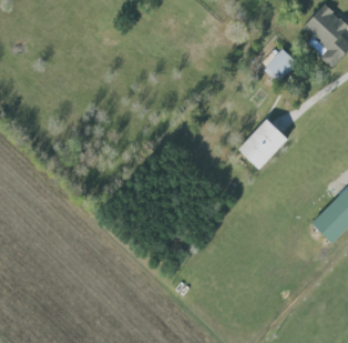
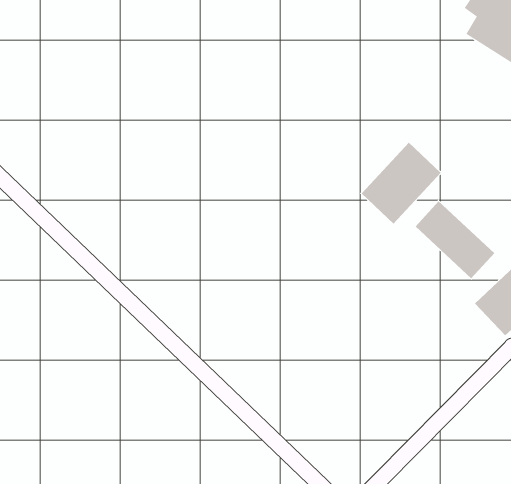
building: [258,47,295,82] -> none
building: none -> [415,200,495,279]

